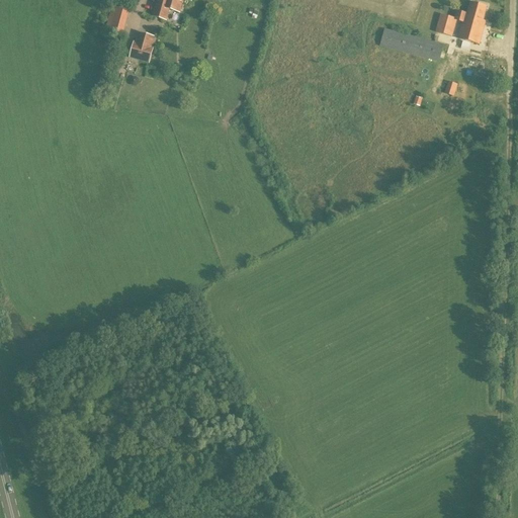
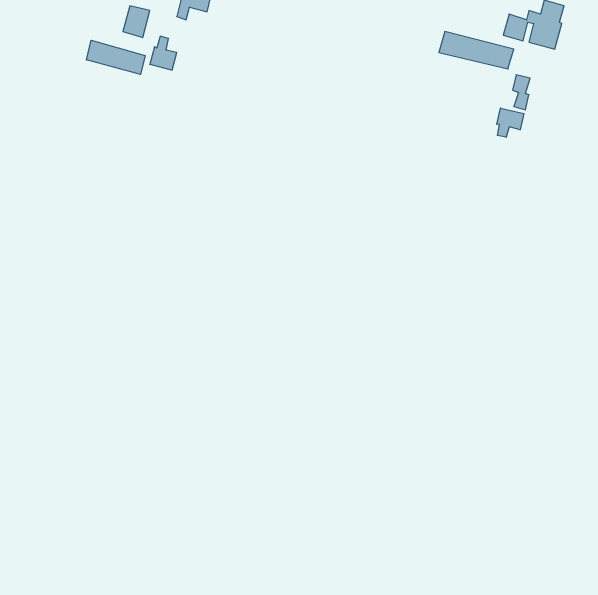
building: none -> [86,40,145,74]
building: none -> [497,108,524,137]

